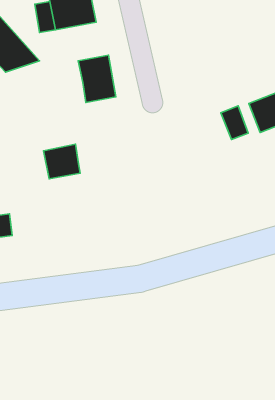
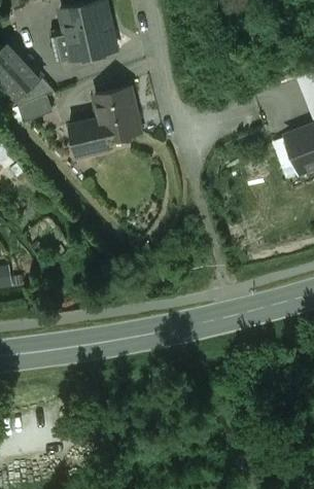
building: [221,106,248,140] -> none
building: [44,144,80,179] -> [67,119,107,158]

